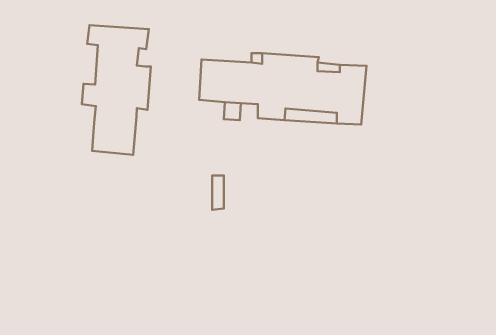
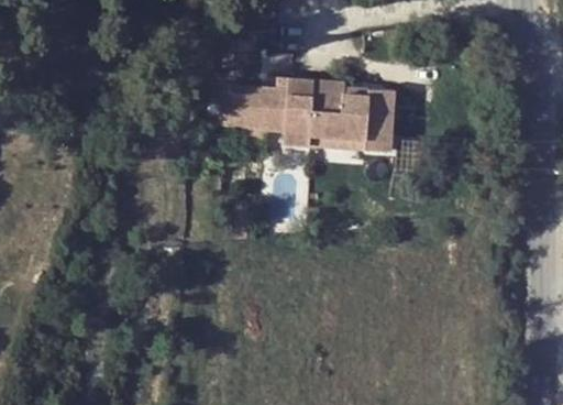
building: [82,25,151,155] -> none

